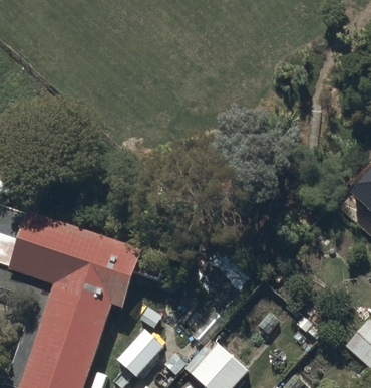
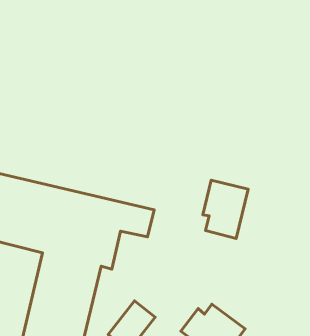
building: none -> [203,180,248,239]

